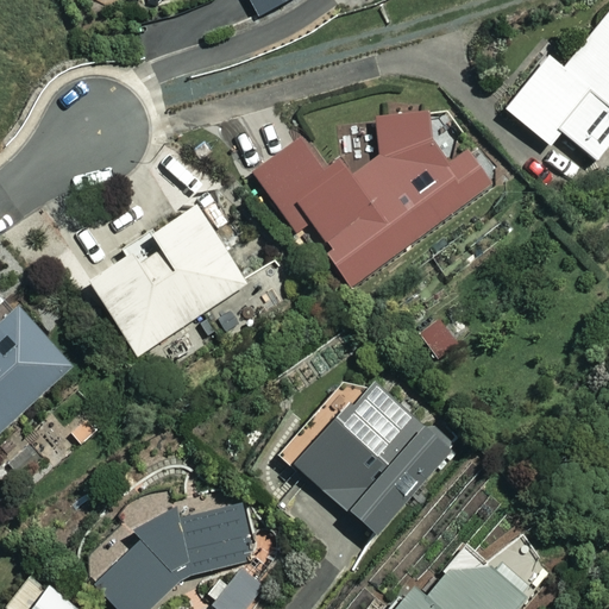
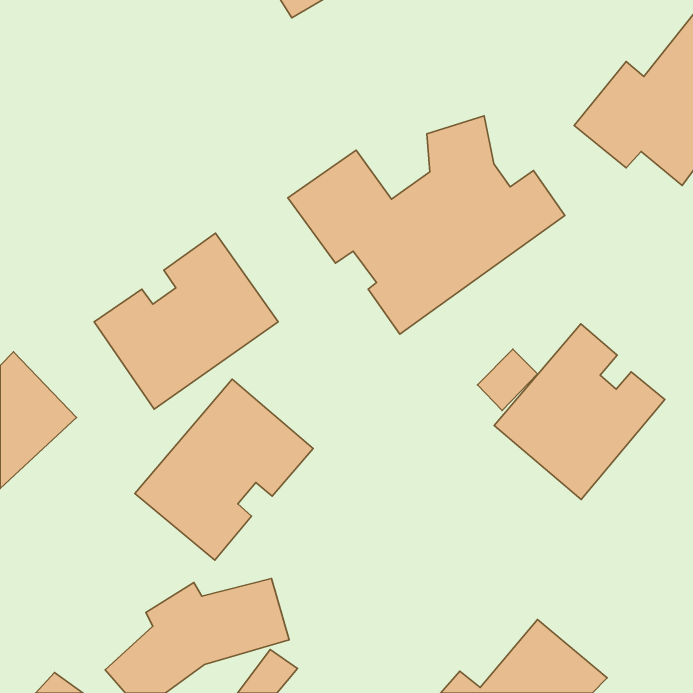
building: none -> [494,324,665,499]
building: none -> [135,379,313,560]
building: [290,375,447,533] -> none

